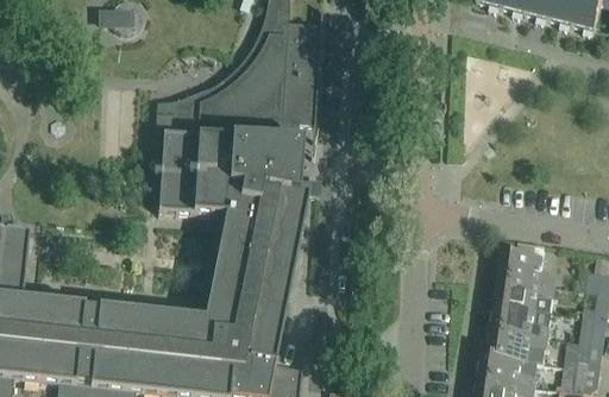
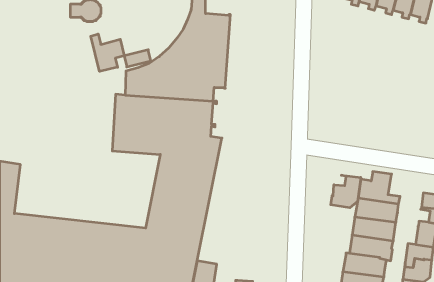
building: none -> [91,34,124,71]
building: none -> [331,175,361,208]

